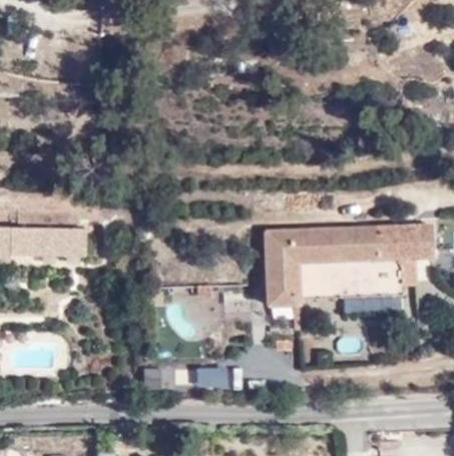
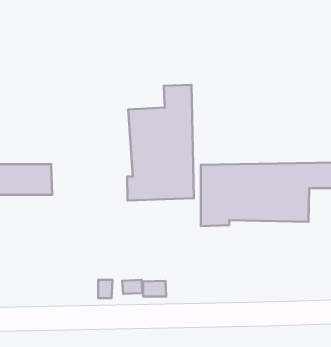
building: none -> [127,85,194,200]

